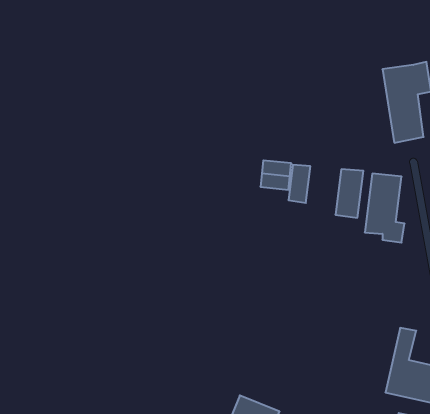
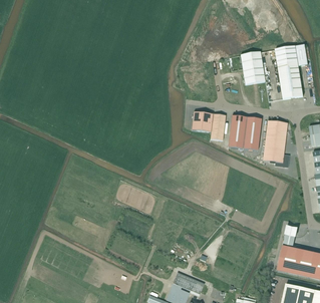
building: none -> [241,51,265,84]
building: none -> [228,115,247,148]

